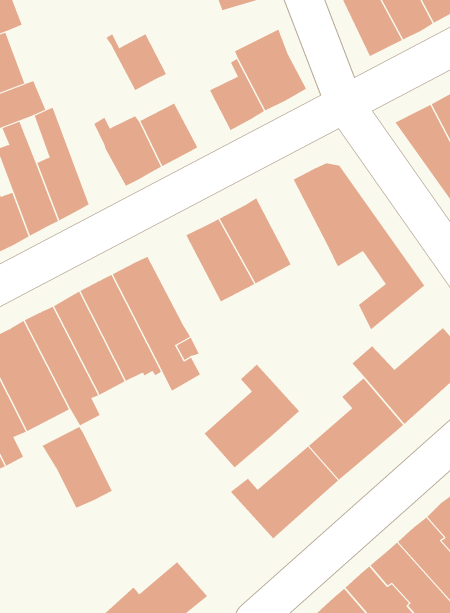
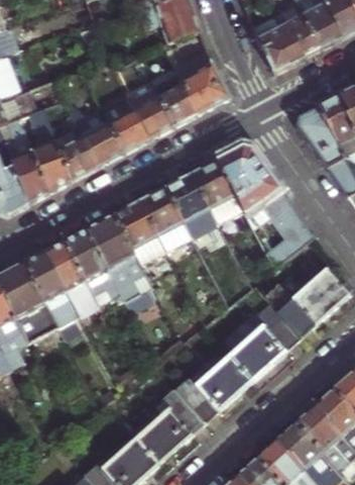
building: [106,34,167,91] -> [128,95,172,136]
building: none -> [58,134,97,178]
building: none -> [192,160,243,221]
building: none -> [113,200,165,264]
building: [204,364,300,468] -> [134,386,204,462]
building: [42,426,113,508] -> none

